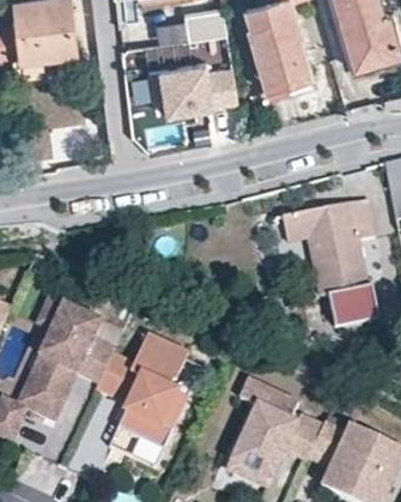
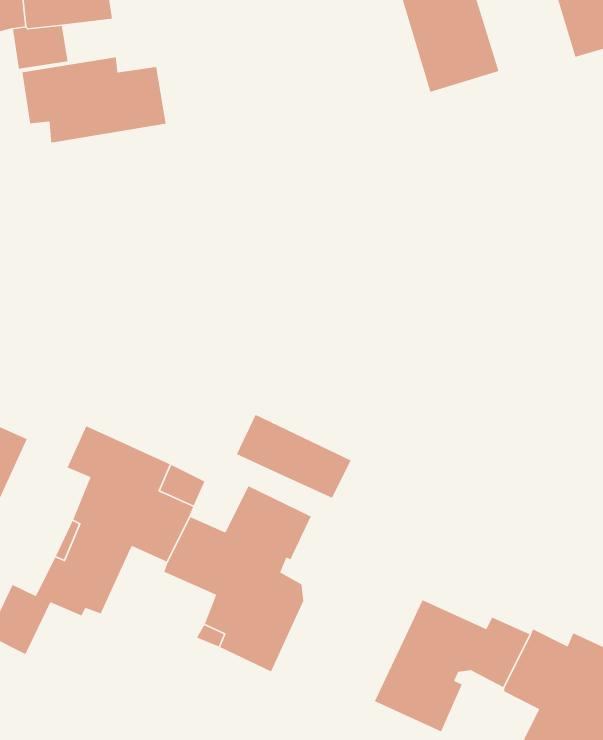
building: [142,59,232,113] -> [22,56,167,143]
building: [281,199,371,315] -> none
building: [244,374,316,427] -> [236,414,352,499]

